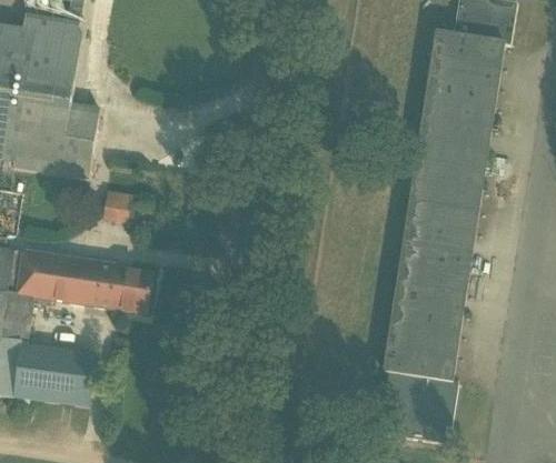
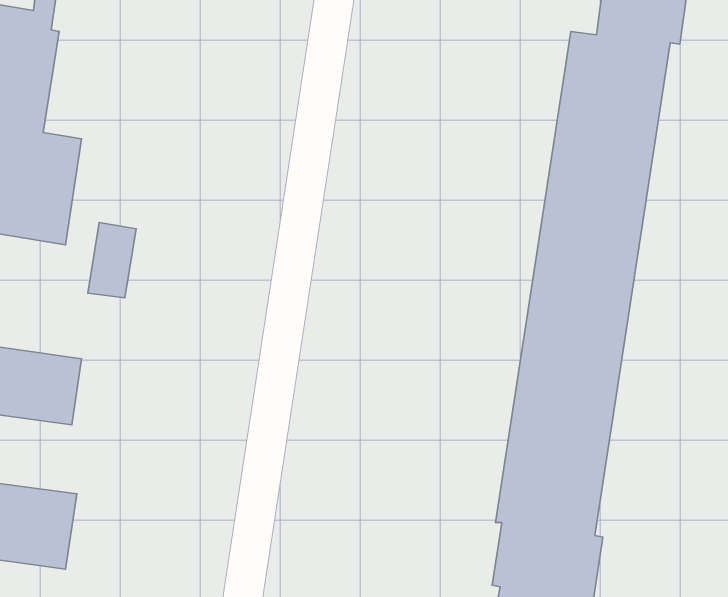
building: [89,259,149,312] -> none

